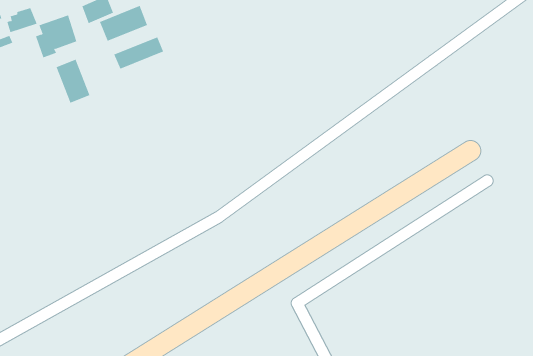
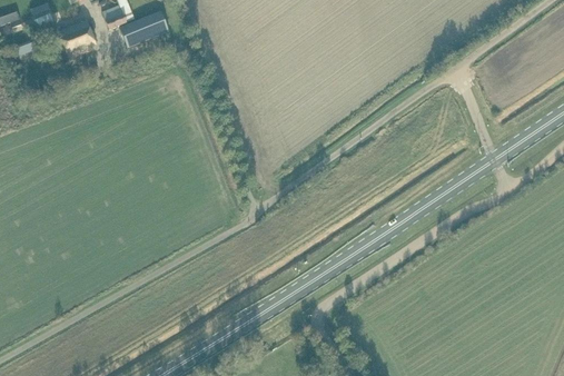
building: [114,37,164,69] -> none
building: [56,59,90,103] -> none

